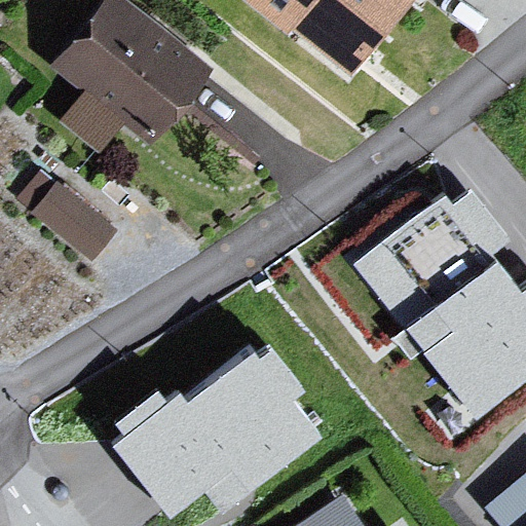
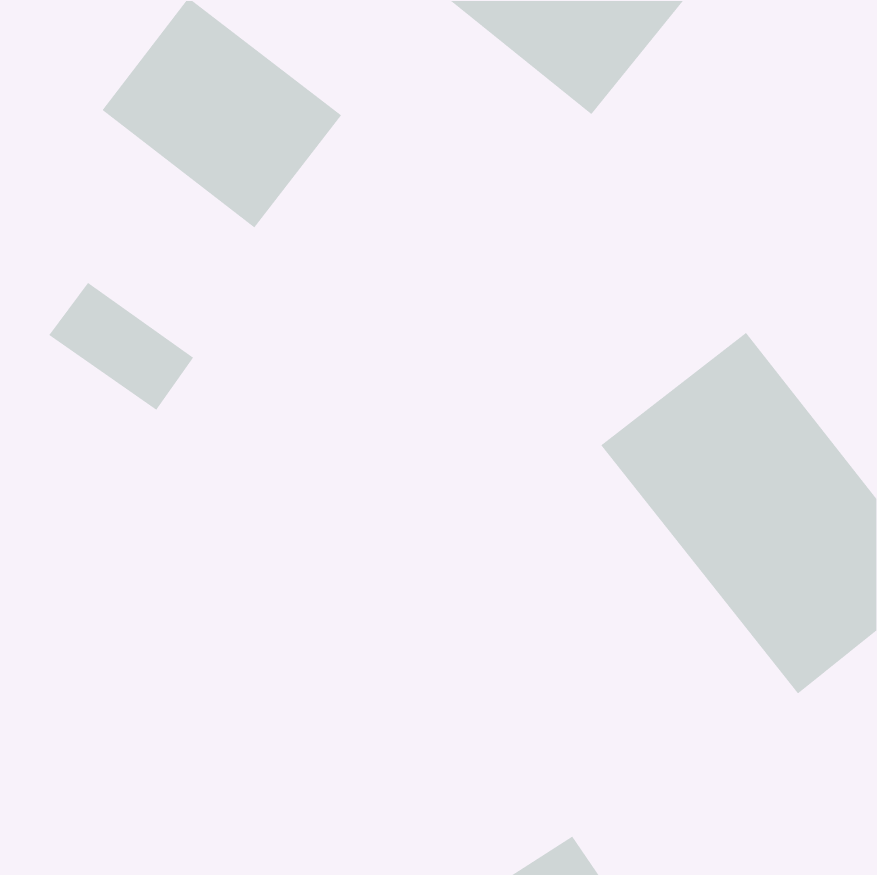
building: [116,359,316,517] -> none

